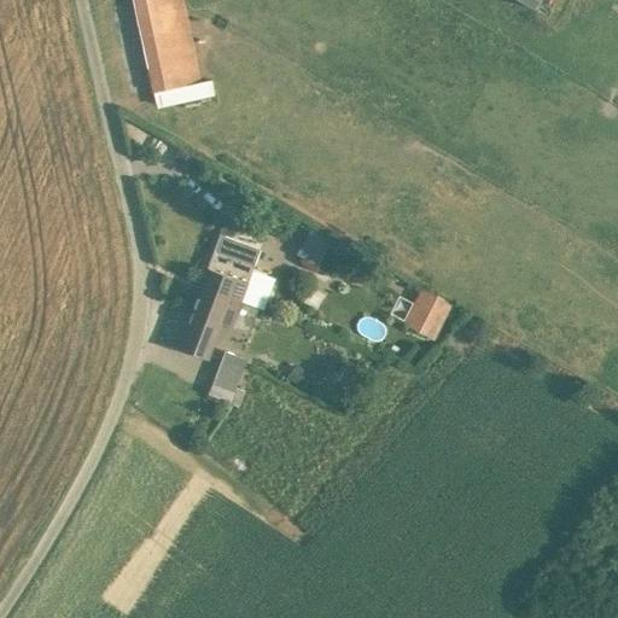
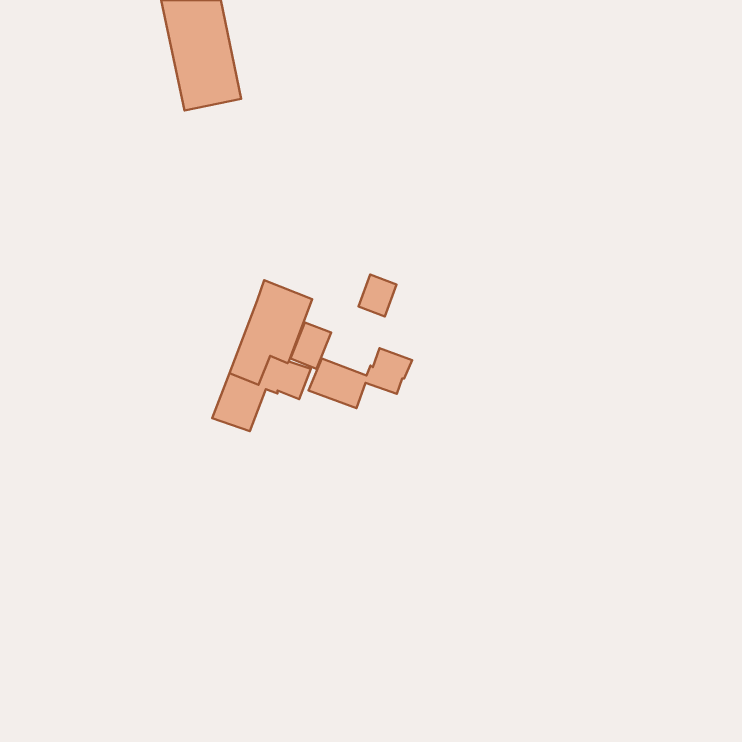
building: [402,286,453,338] -> none
building: none -> [308,348,412,408]
building: [209,350,246,404] -> none

